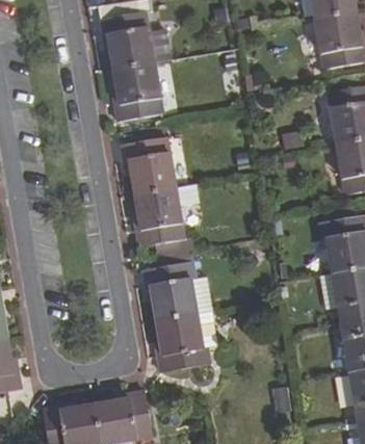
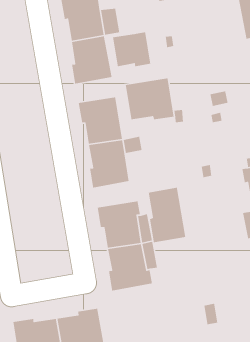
building: none -> [112,31,151,67]
building: none -> [125,78,174,120]
building: none -> [148,187,186,243]

